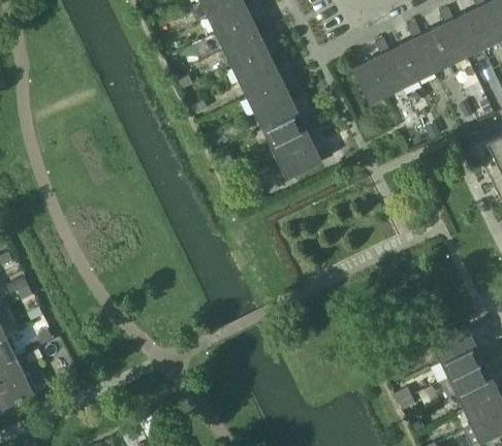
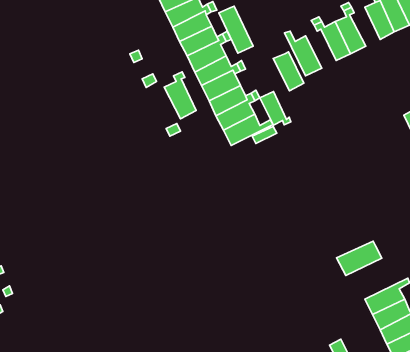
building: none -> [219,6,253,53]
building: [415,30,448,72] -> none
building: [368,54,401,96] -> [273,52,304,91]
building: none -> [164,72,196,119]
building: none -> [260,91,291,125]
building: none -> [336,241,382,276]

